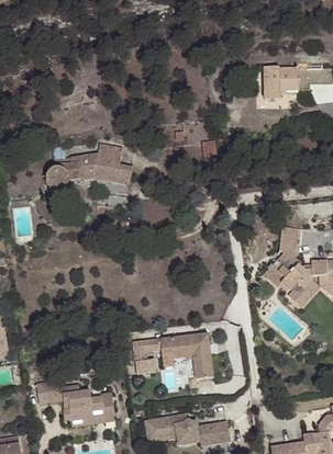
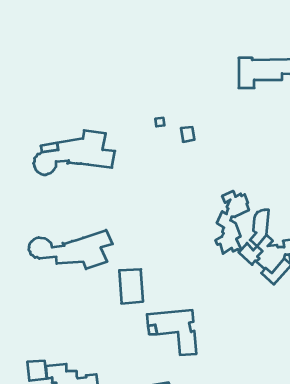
building: none -> [216,191,249,254]
building: none -> [29,230,113,269]
building: [134,336,159,372] -> [119,269,143,303]

